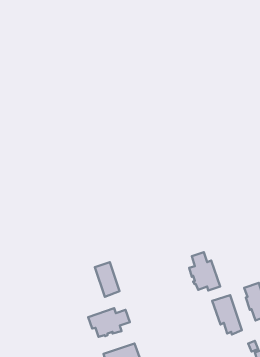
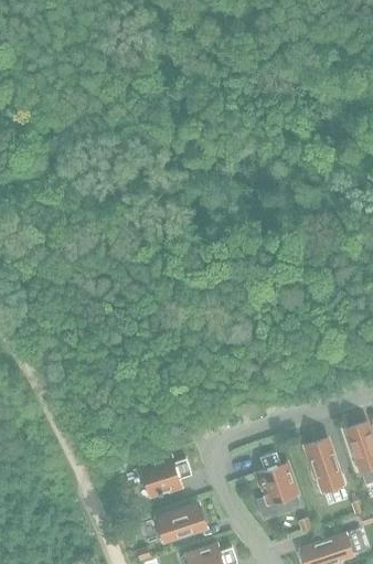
building: [189,252,220,291] -> [257,453,299,504]
building: [95,262,120,297] -> none

